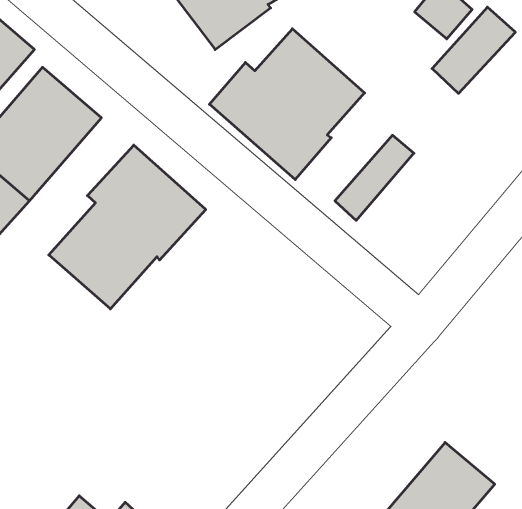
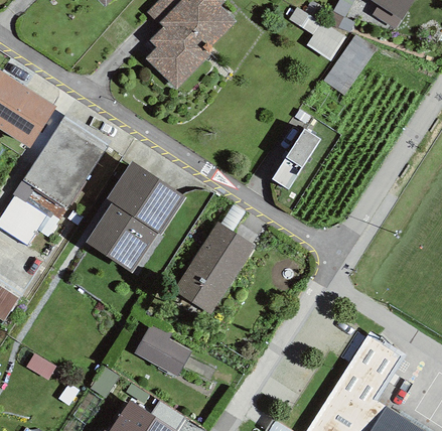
building: [209,29,365,180] -> none
building: none -> [172,222,255,315]
building: none -> [134,324,190,378]

